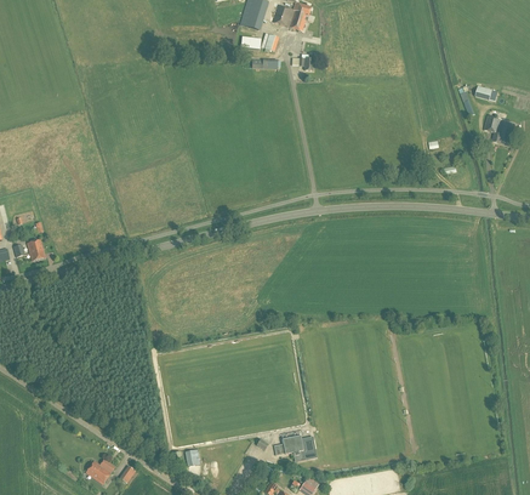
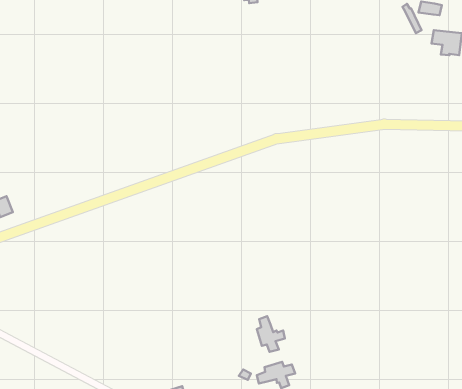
building: none -> [257,316,285,352]

